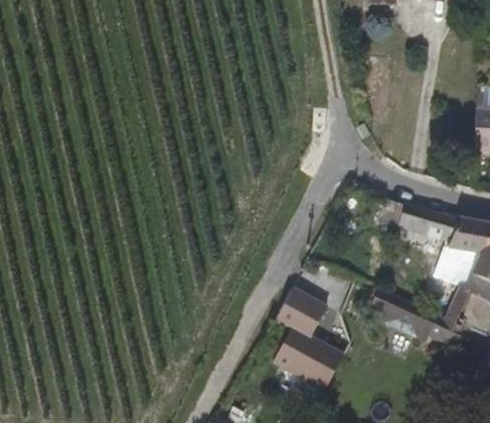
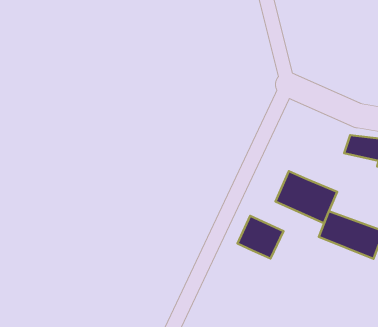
building: [275,327,343,386] -> [275,171,337,223]

